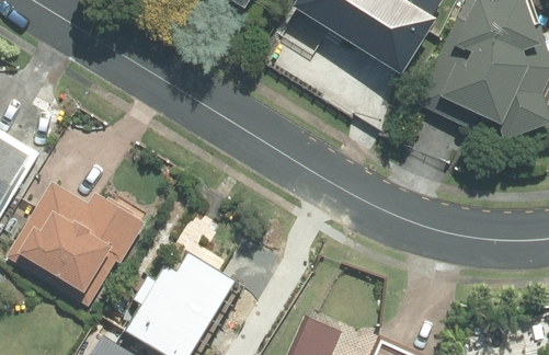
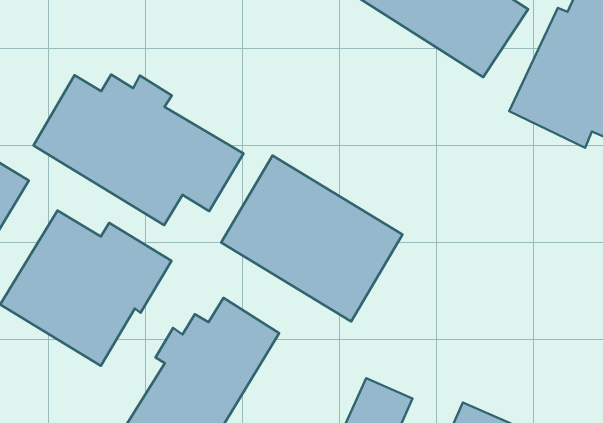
building: none -> [33,75,244,225]
building: none -> [221,155,403,321]

